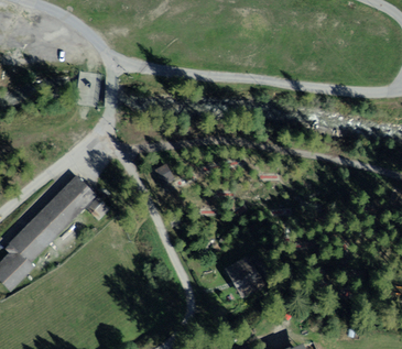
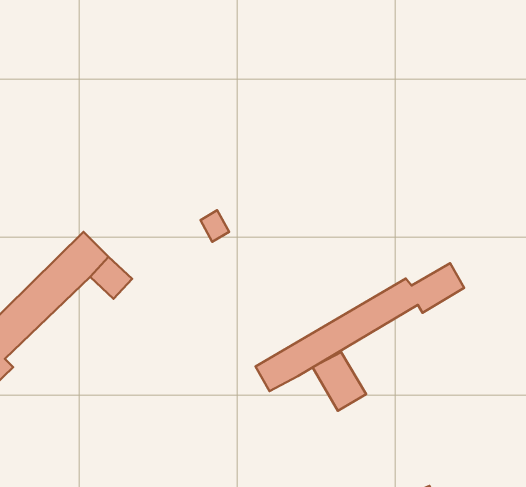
building: none -> [255,263,464,391]

